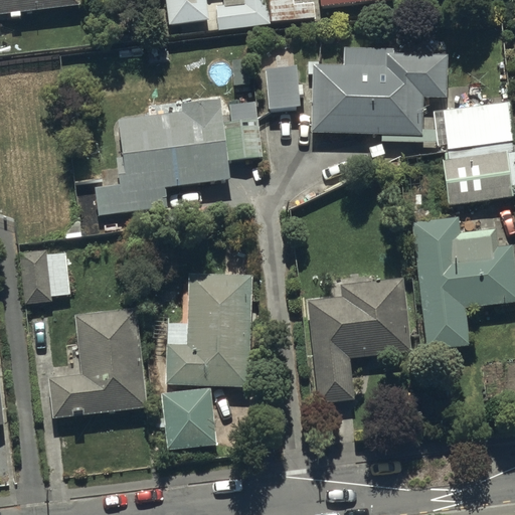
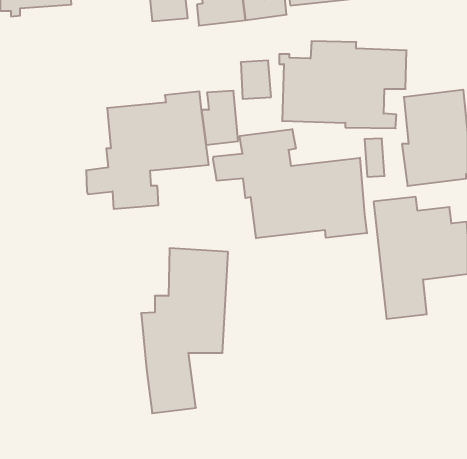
building: none -> [213,129,367,238]
building: [20,247,70,301] -> none
building: [309,277,409,403] -> none
building: [48,308,142,416] -> none

